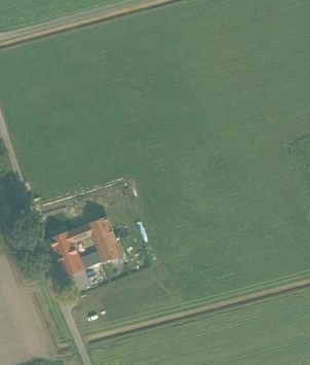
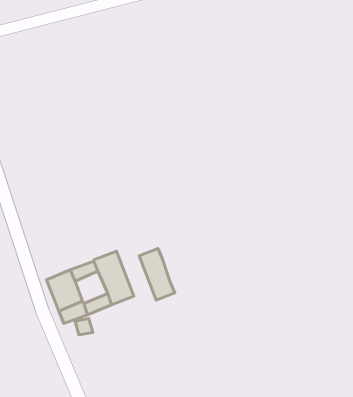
building: none -> [139,249,175,300]

